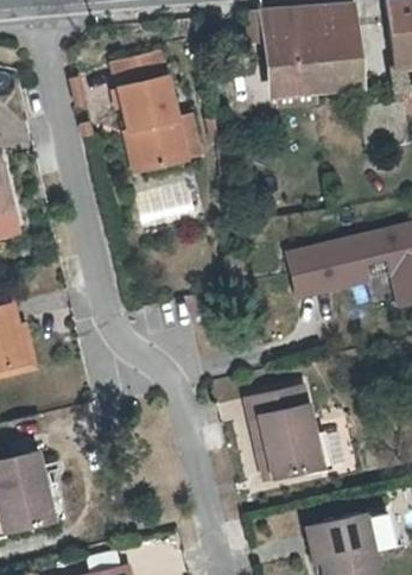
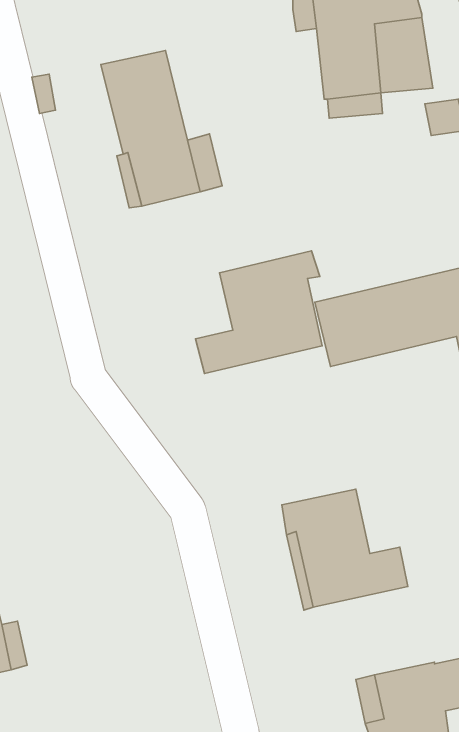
building: none -> [196,251,322,374]

